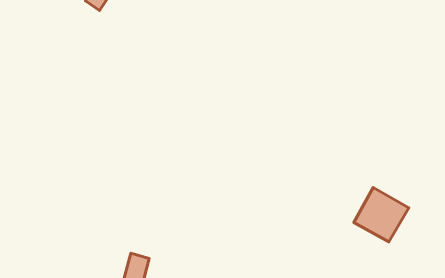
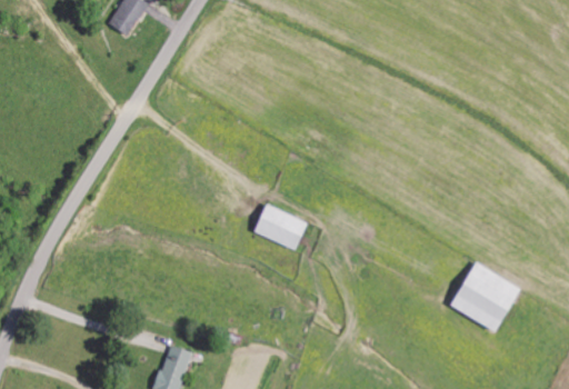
building: none -> [253,203,307,249]

